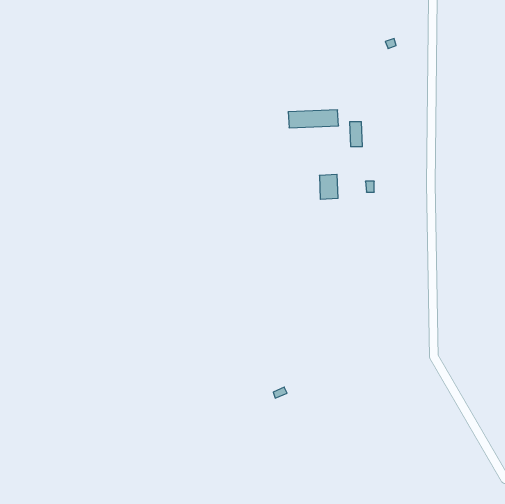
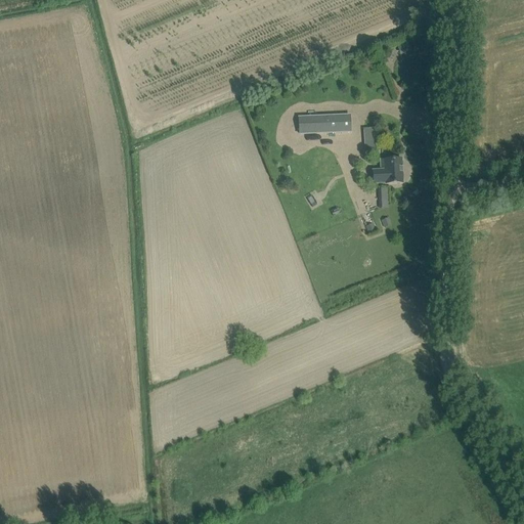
building: [319,174,338,199] -> [383,158,402,183]

